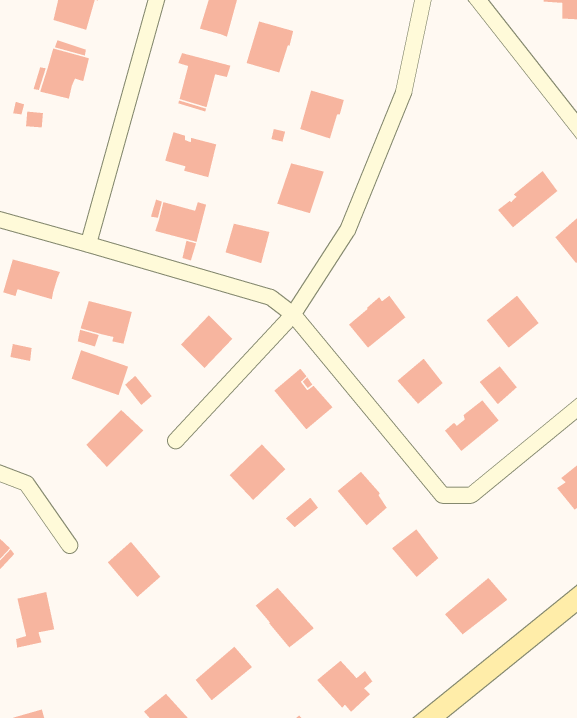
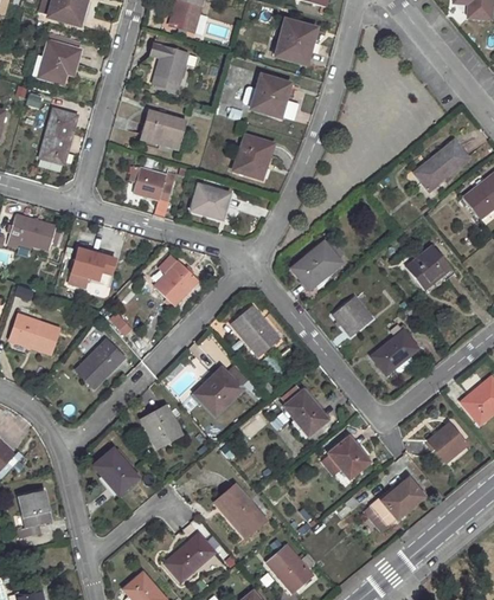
building: [246,20,294,73] -> [275,19,315,63]
building: none -> [41,109,77,162]
building: [70,349,129,396] -> [11,314,59,353]
building: [479,365,518,405] -> none
building: none -> [142,406,180,447]
building: none -> [428,422,467,462]

